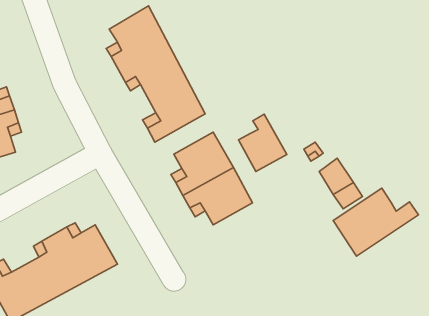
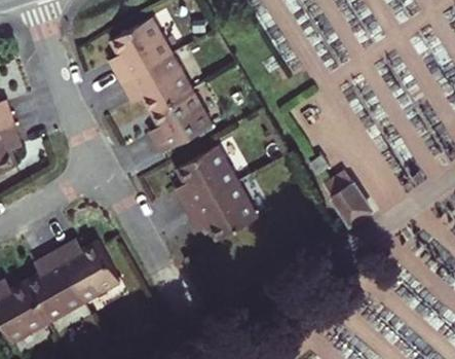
building: [238,114,287,172] -> none
building: [333,188,419,256] -> none

